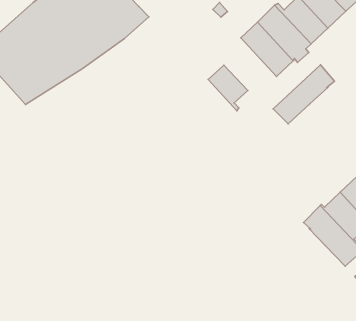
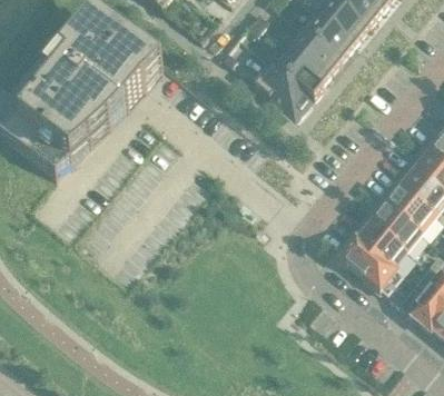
building: [273,65,335,124] -> none
building: [208,65,248,111] -> none

